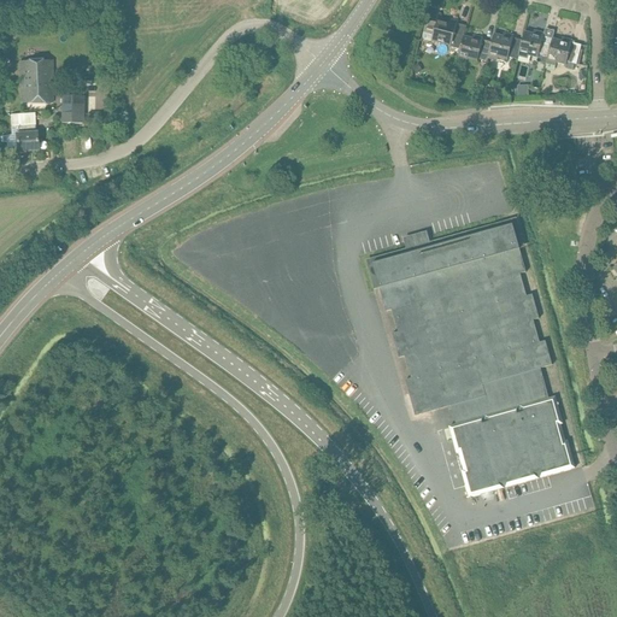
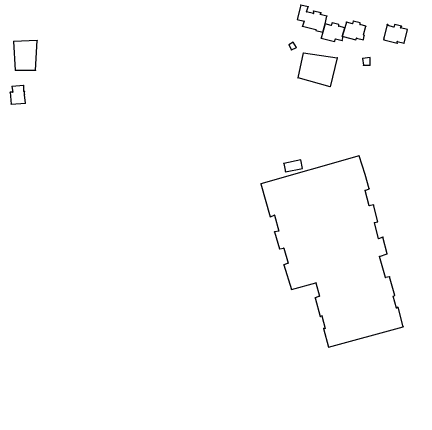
building: [517,28,551,54] -> none
building: none -> [298,53,337,87]
building: [60,94,83,122] -> none

